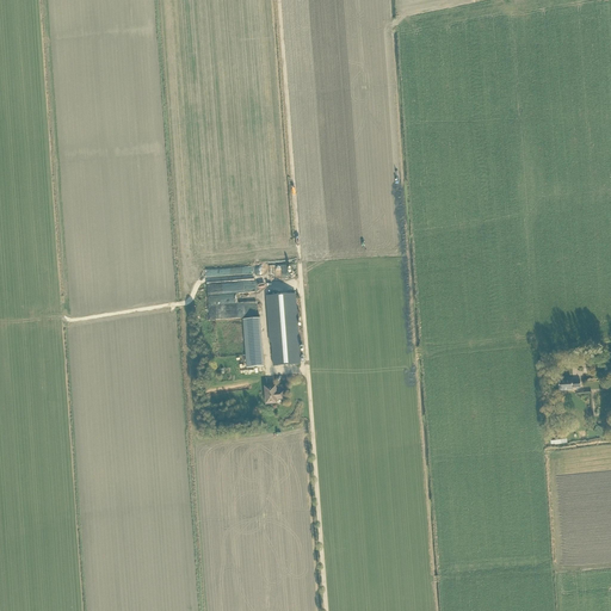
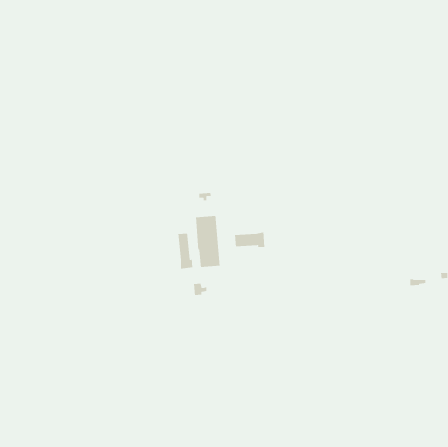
building: none -> [234,231,265,248]

